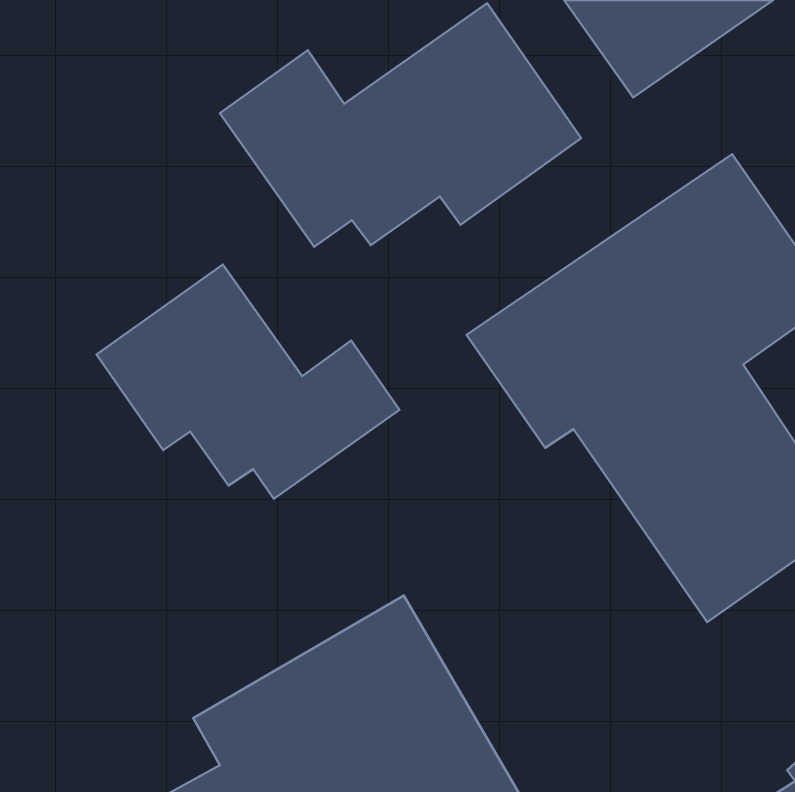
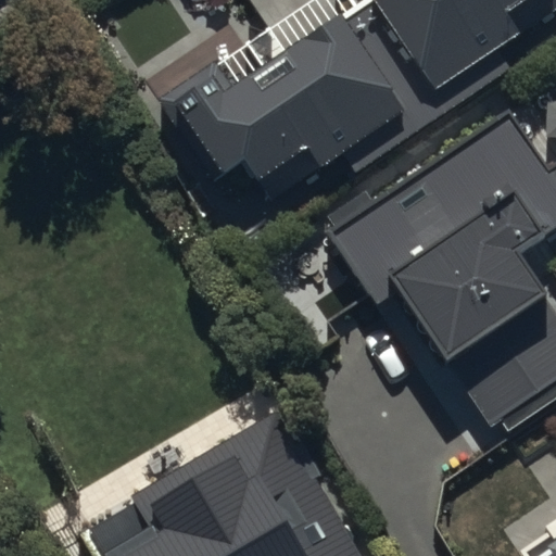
building: [97,264,400,499] -> none

